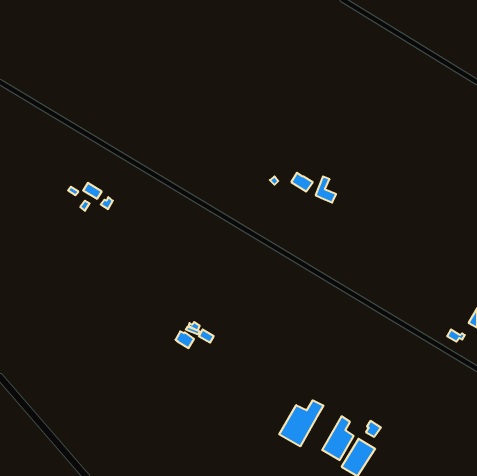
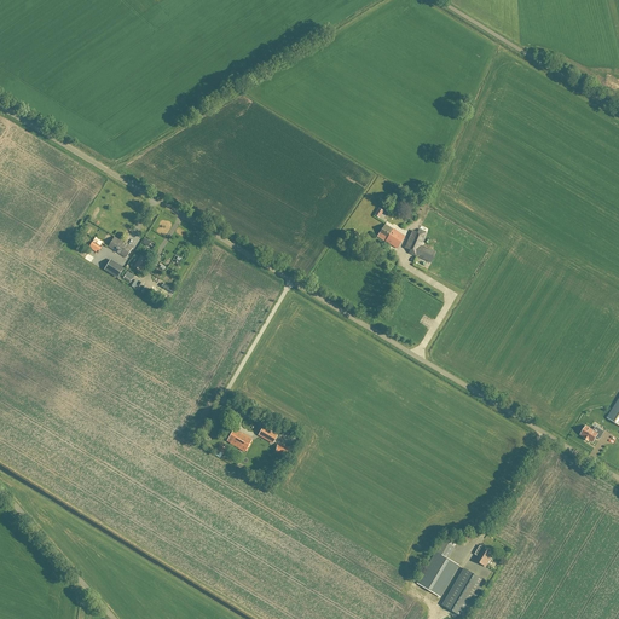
building: [279,400,323,446] -> none

